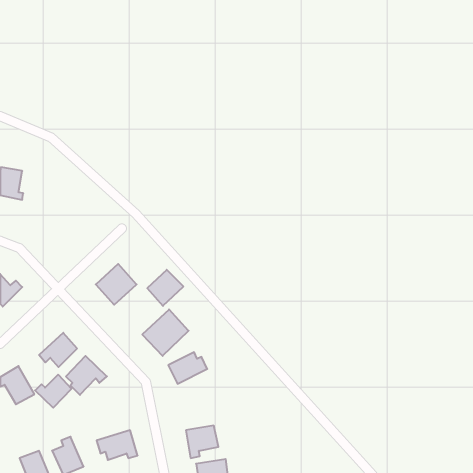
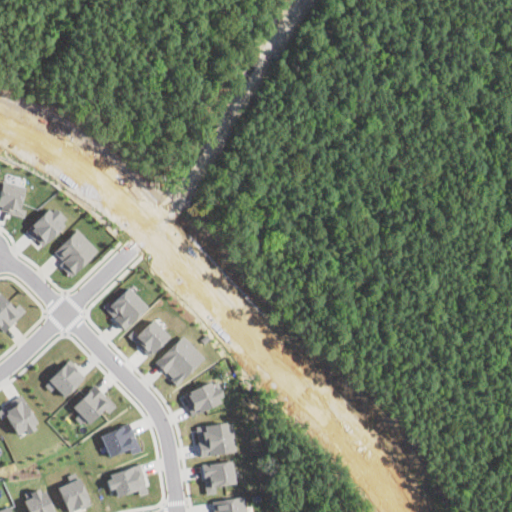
building: none -> [28,208,68,247]
building: none -> [55,229,99,277]
building: [147,270,183,306] -> [132,318,171,357]
building: [35,375,71,408] -> none
building: none -> [196,422,236,457]
building: none -> [102,424,139,457]

